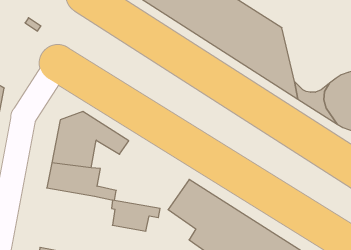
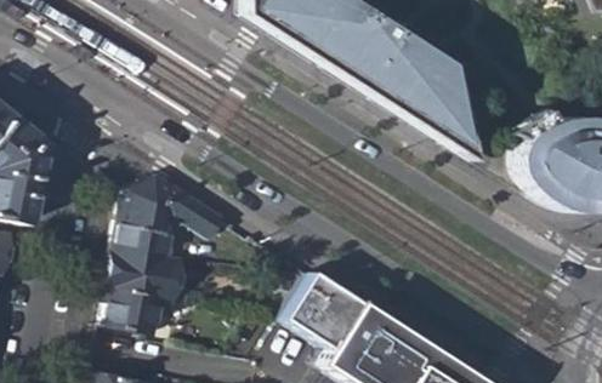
building: [112,200,160,231] -> [107,285,177,330]

